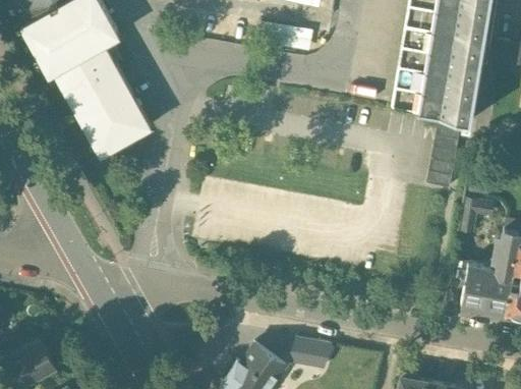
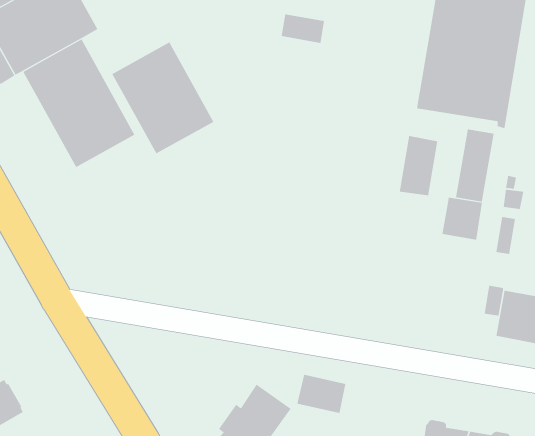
building: none -> [111,42,214,154]
building: none -> [399,135,438,196]
building: none -> [442,197,482,240]

